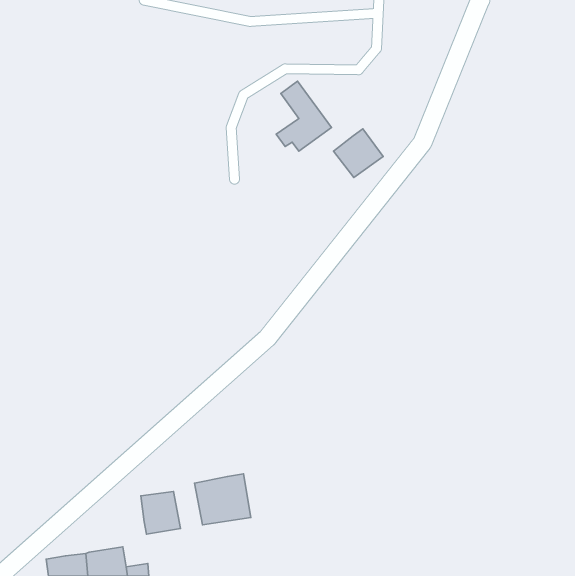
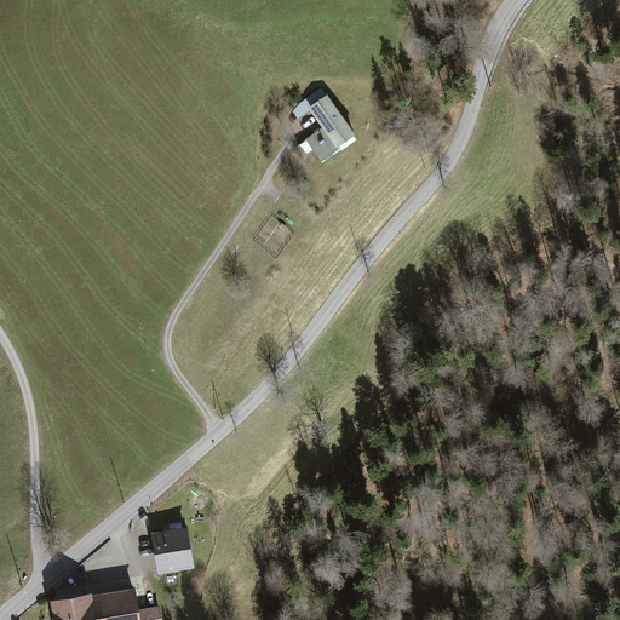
building: [334,129,383,177] -> none
building: [194,474,251,525] -> none

